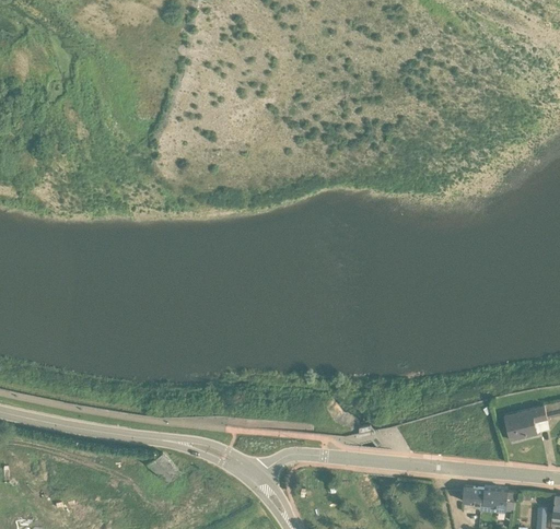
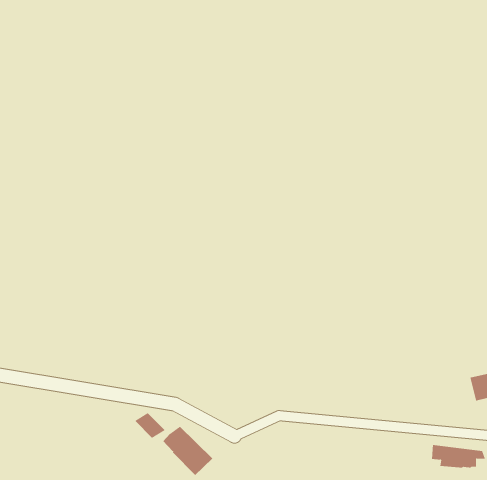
building: none -> [163,426,213,476]

